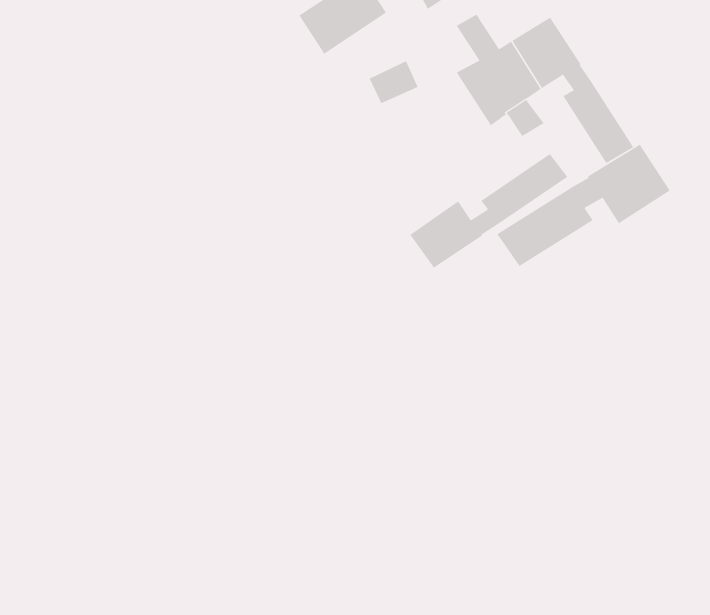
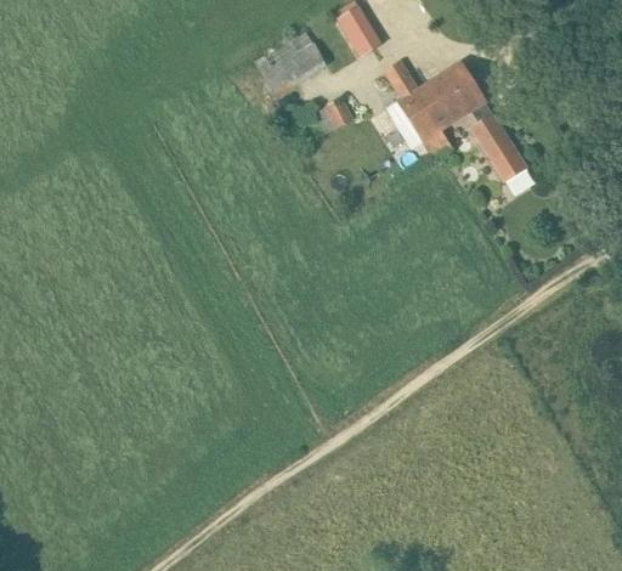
building: [497,144,671,267] -> none
building: [410,153,568,269] -> none

